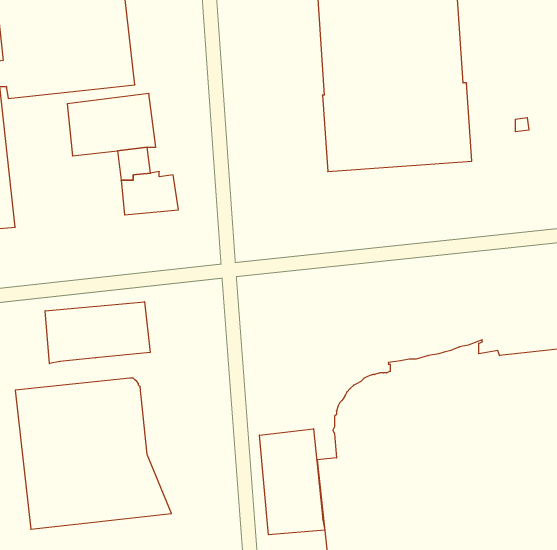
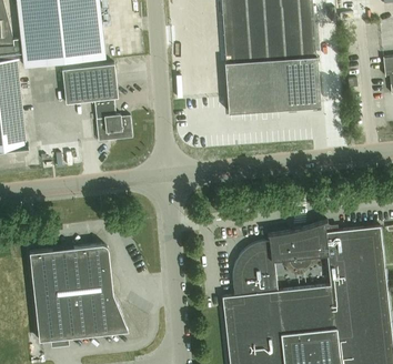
building: [45,302,150,364] -> none
building: [259,429,325,535] -> none

